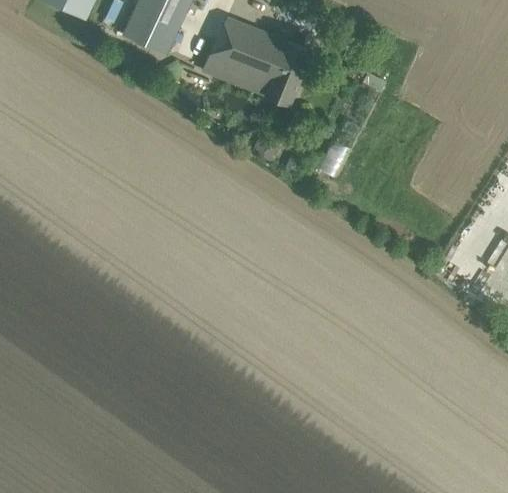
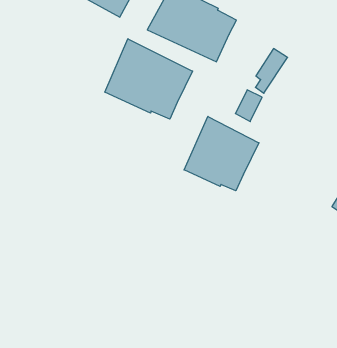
building: none -> [105,39,193,119]
building: none -> [184,116,259,191]

